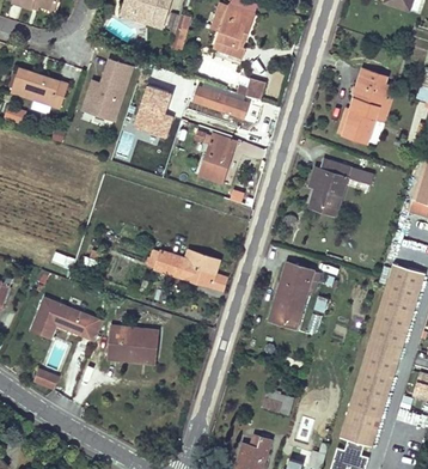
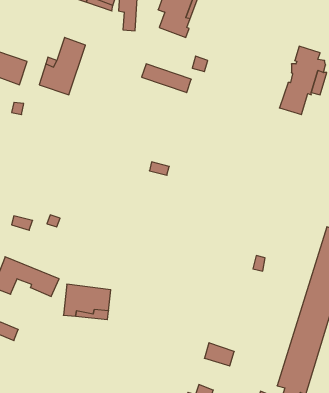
building: [132,83,175,138] -> none
building: [198,134,233,182] -> none
building: [308,159,349,213] -> none
building: [147,249,226,291] -> none
building: [268,262,313,327] -> none

